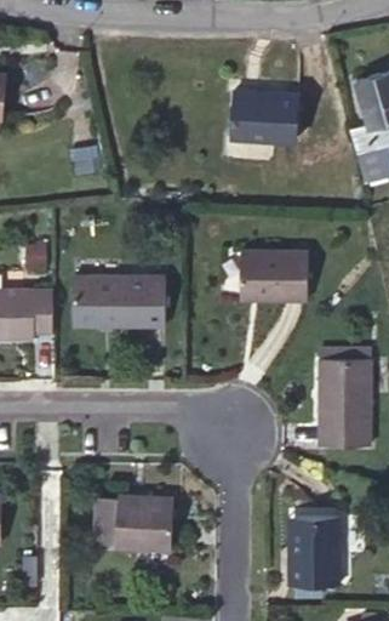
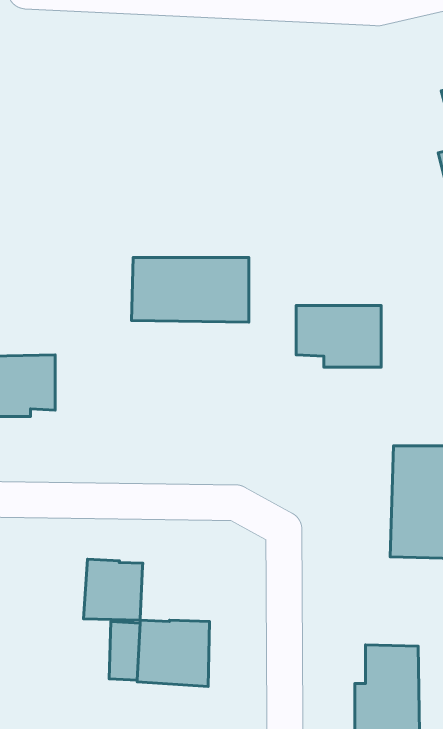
building: [231,91,298,142] -> none
building: [73,277,165,327] -> [132,257,249,322]
building: none -> [84,559,143,620]

